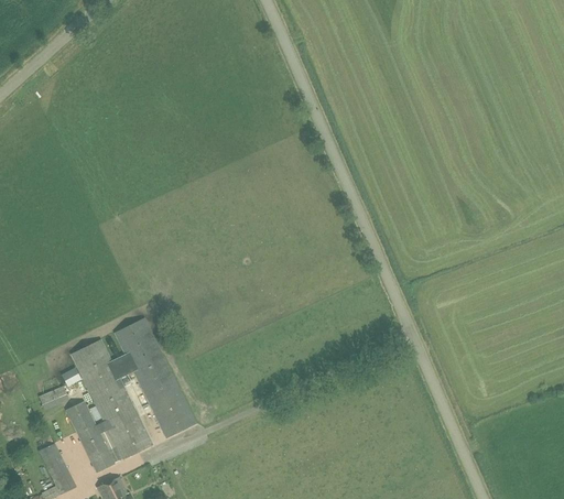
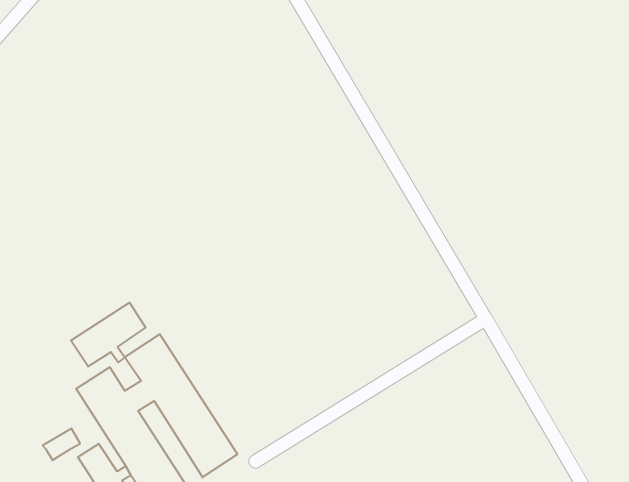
building: none -> [71,303,145,367]

